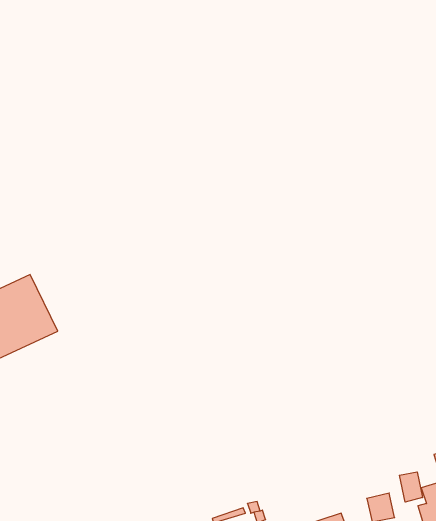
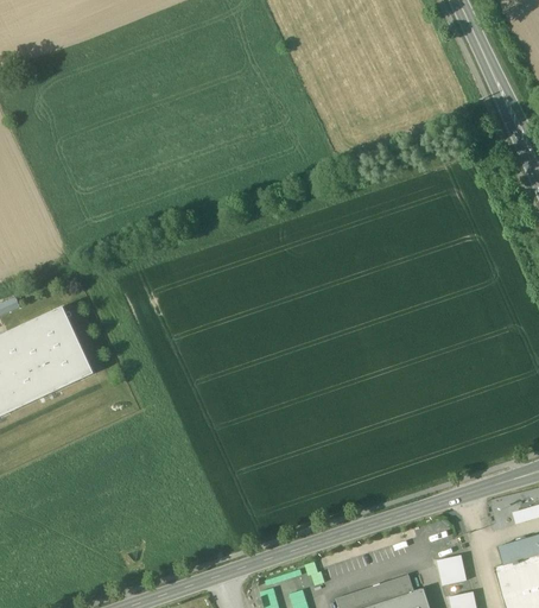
building: [399,472,423,502] -> none

